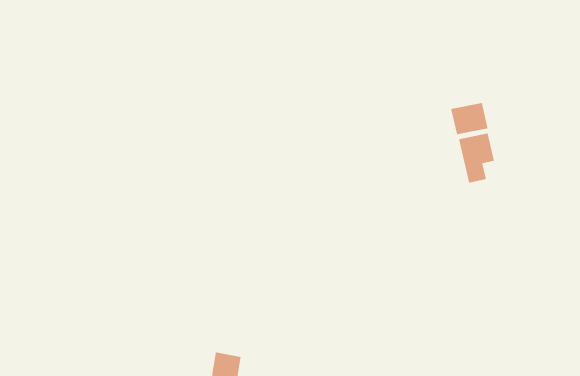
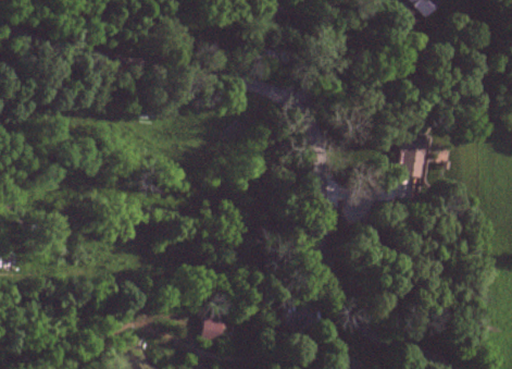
building: [450,102,489,135] -> none

